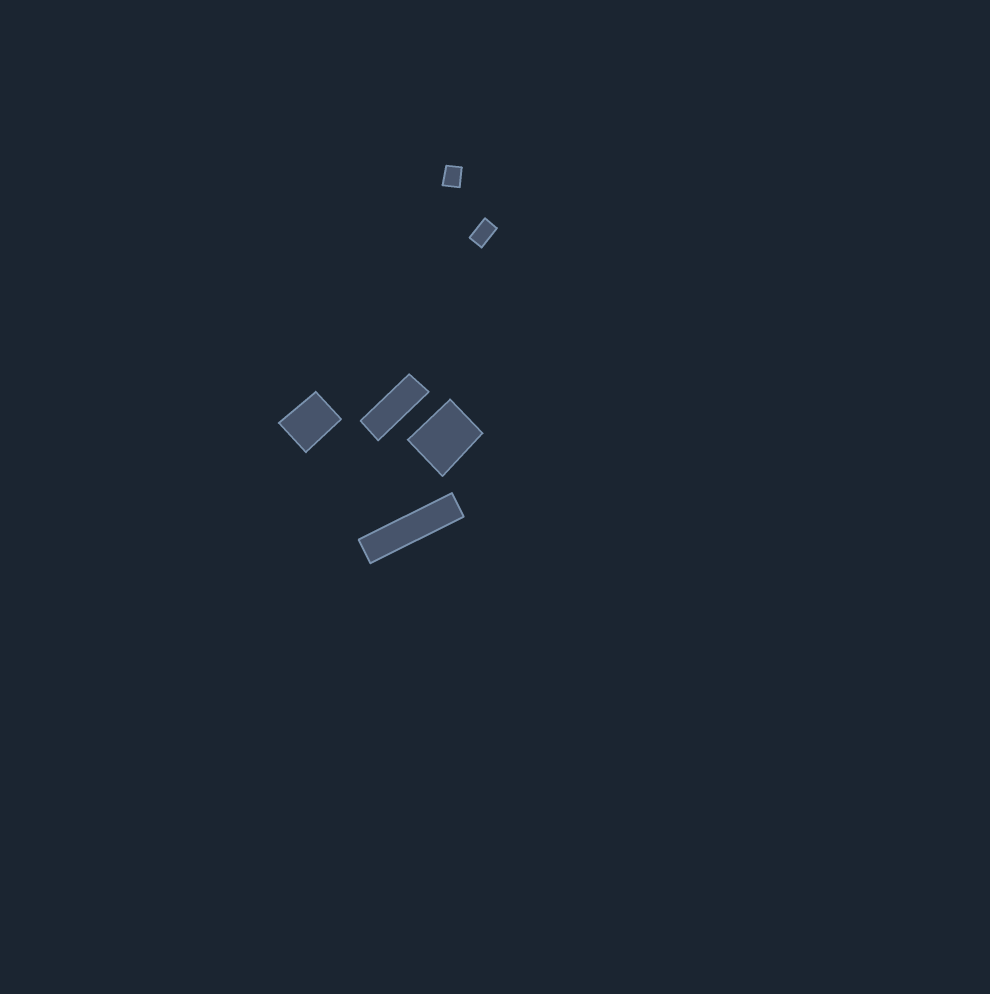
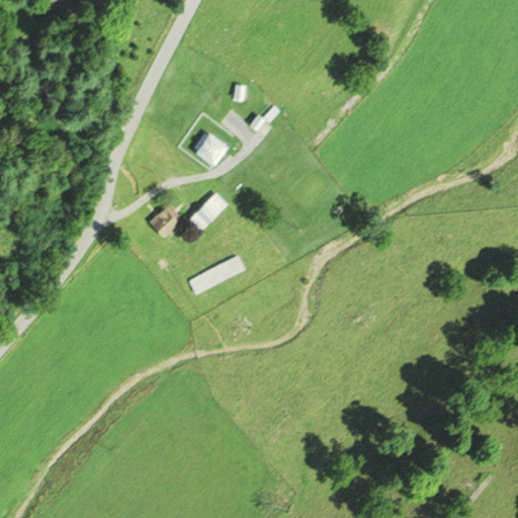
building: none -> [193,134,226,165]
building: [408,399,483,476] -> none

